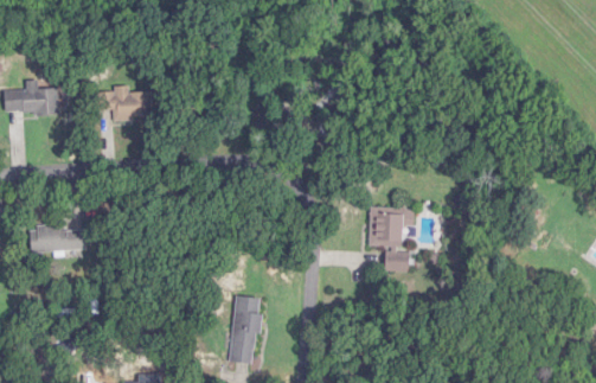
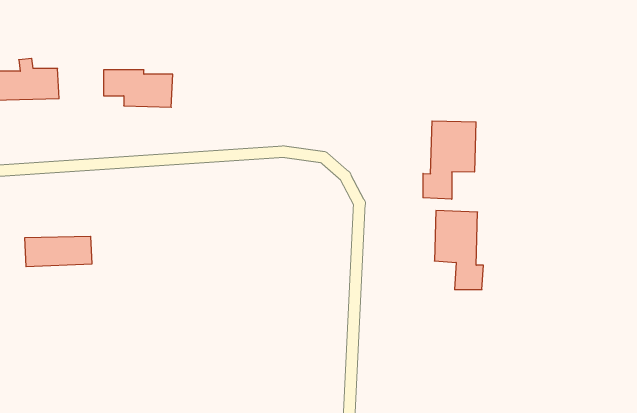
building: none -> [423,121,476,199]
building: [230,296,261,364] -> none

